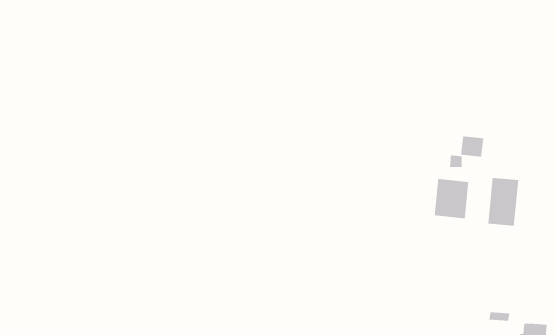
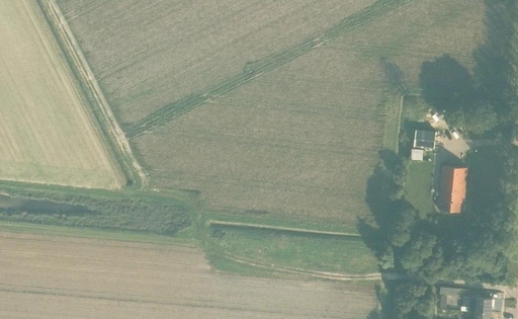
building: [434,178,469,219] -> none

